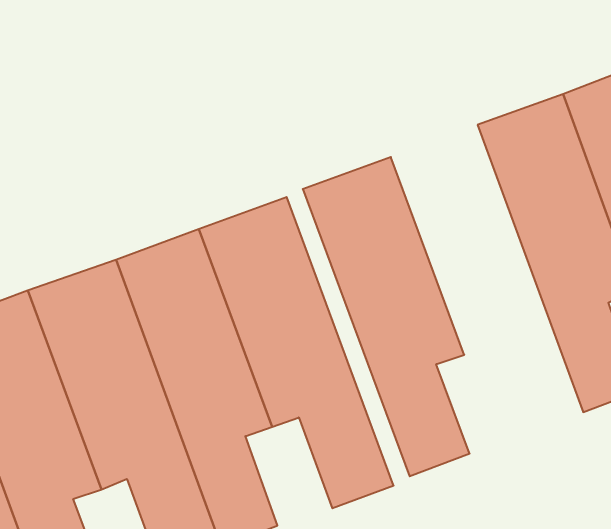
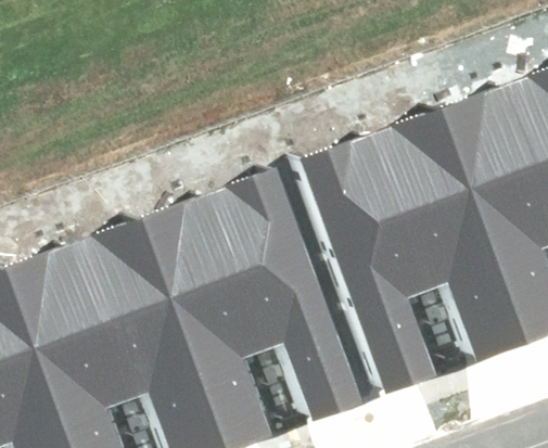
building: none -> [367,110,523,361]

